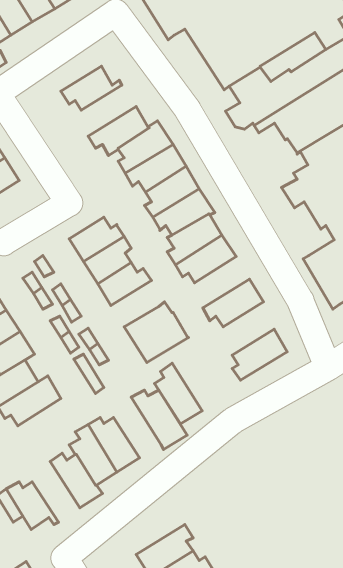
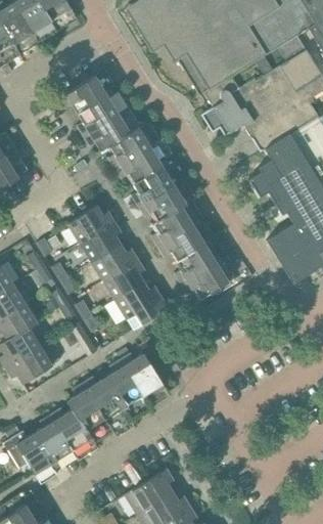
building: none -> [78,91,125,135]
building: none -> [103,259,144,299]
building: [232,329,287,380] -> [175,238,222,282]
building: [154,363,202,424] -> [105,359,146,411]
building: none -> [36,414,77,467]

